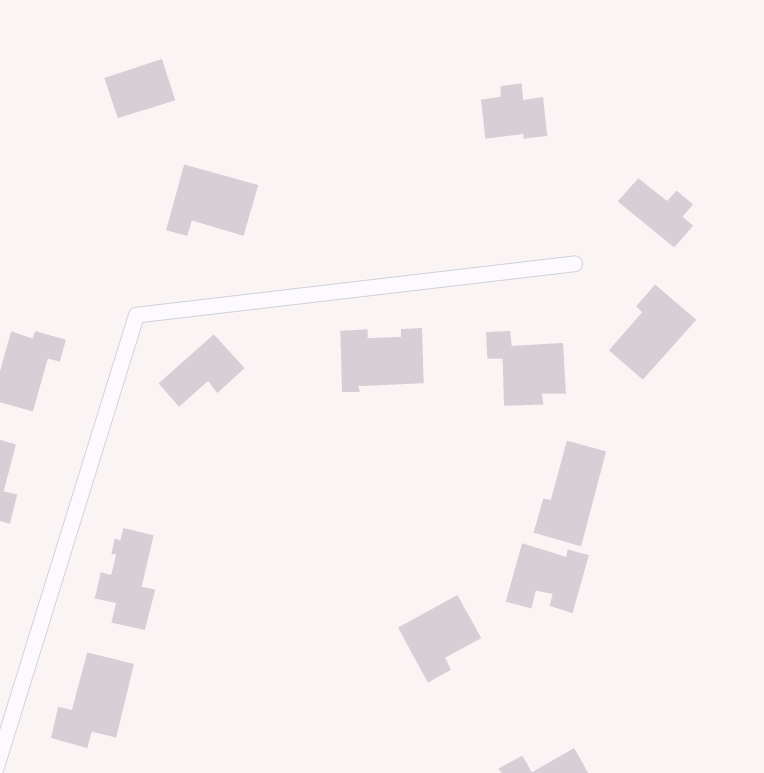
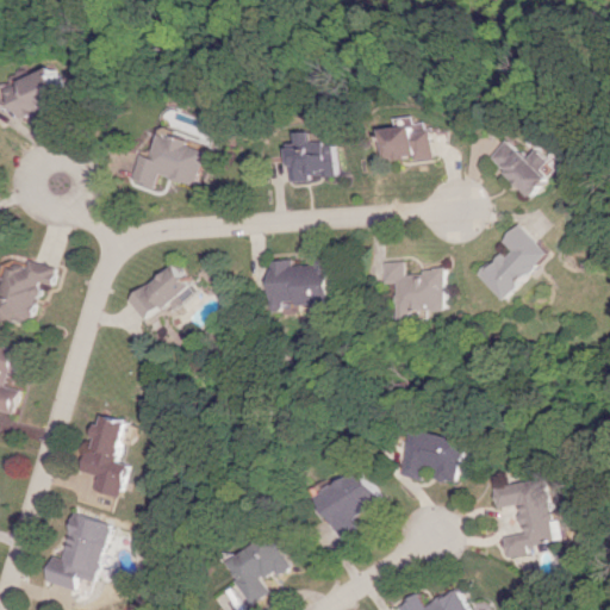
building: [103,58,176,119] -> [5,70,62,118]
building: [480,83,548,139] -> [373,117,427,161]
building: none -> [282,132,331,182]
building: [533,440,607,547] -> none
building: none -> [488,480,559,556]
building: none -> [224,534,292,604]

